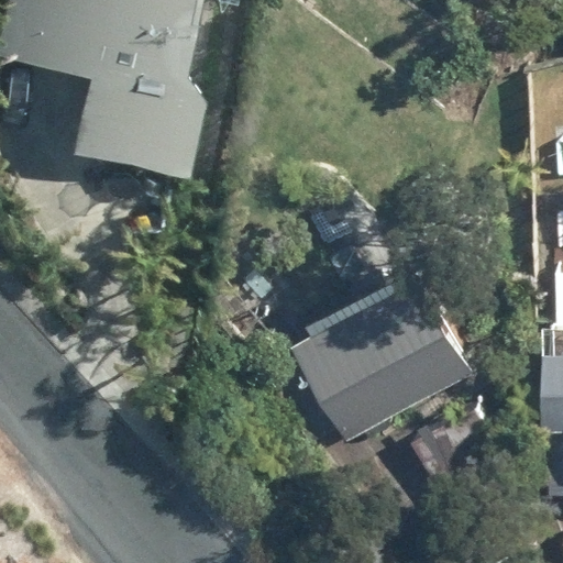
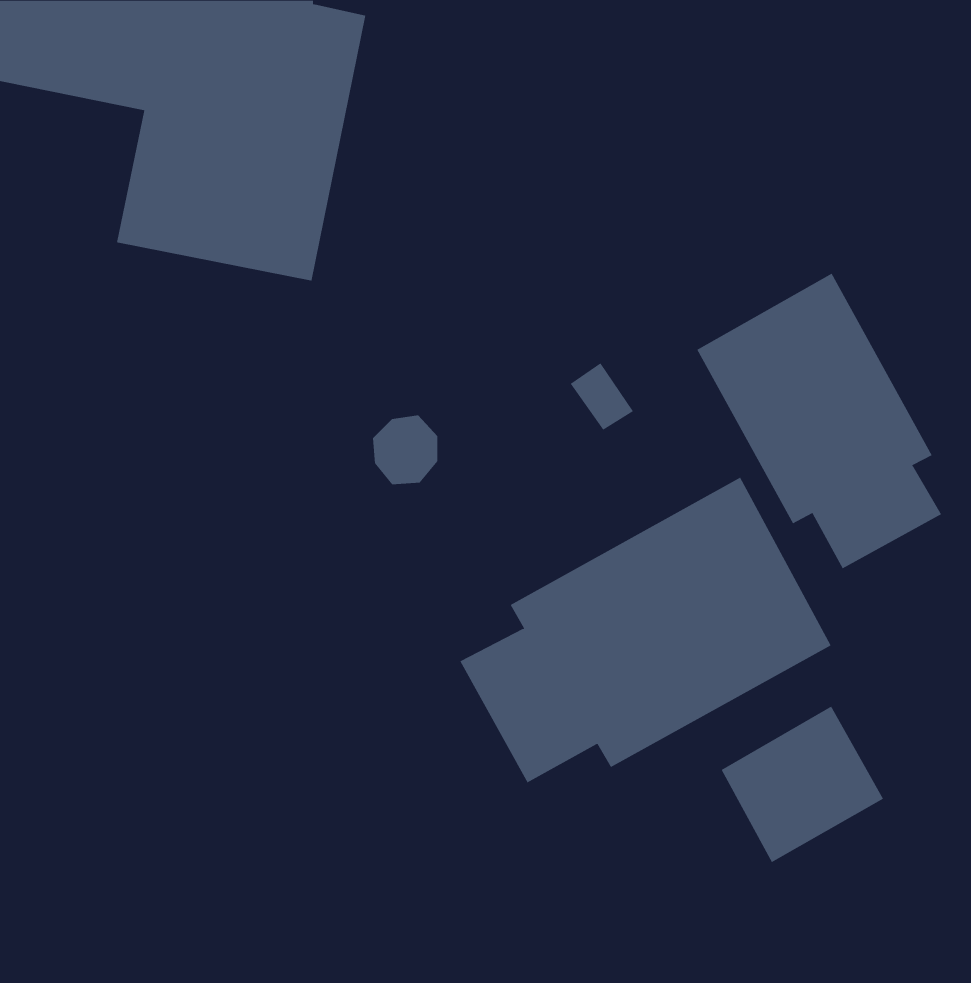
building: none -> [696,273,942,569]

